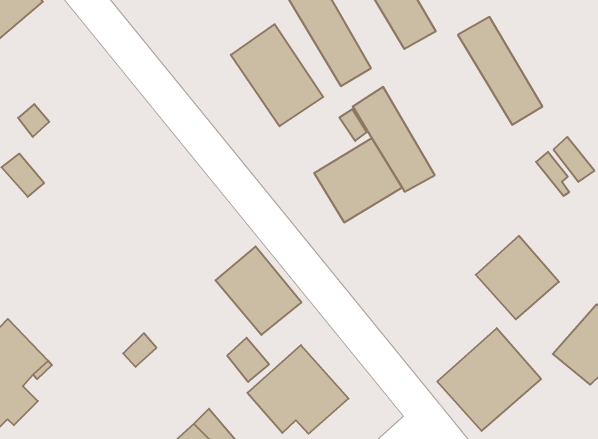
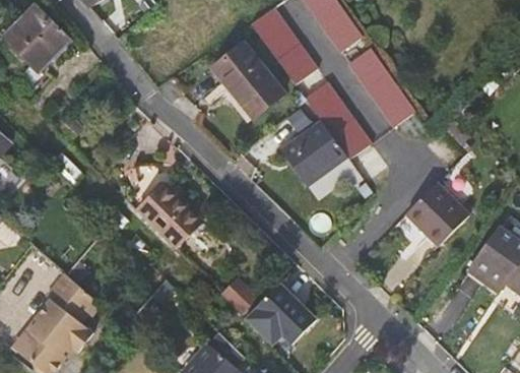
building: [458,17,542,125] -> [347,49,414,127]
building: [215,246,301,335] -> [137,183,202,248]
building: [437,328,541,431] -> none

